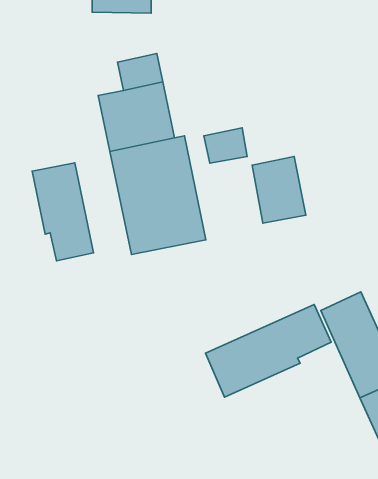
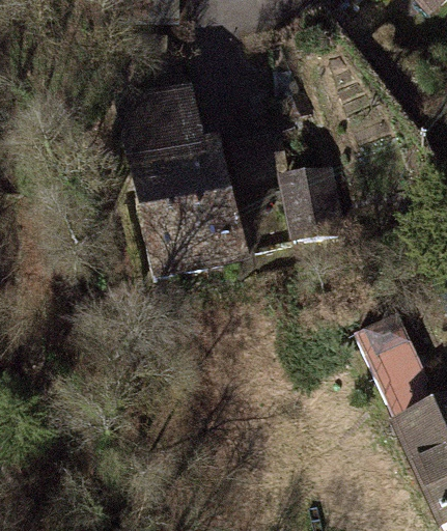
building: [32,163,94,261] -> none
building: [206,305,331,397] -> none

